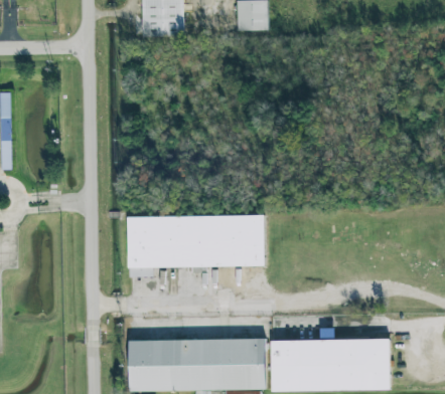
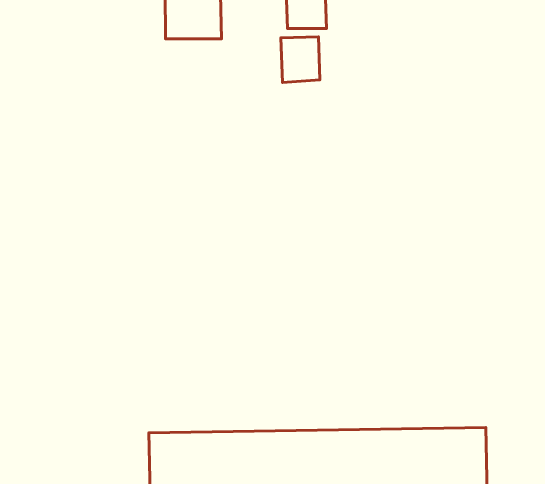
building: none -> [281,37,320,83]
building: [126,215,268,267] -> none

